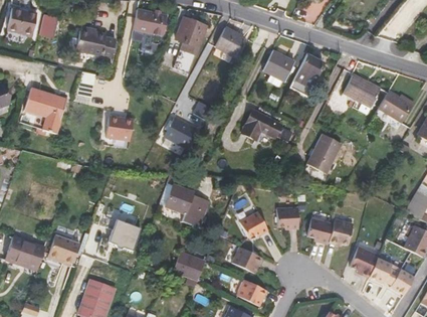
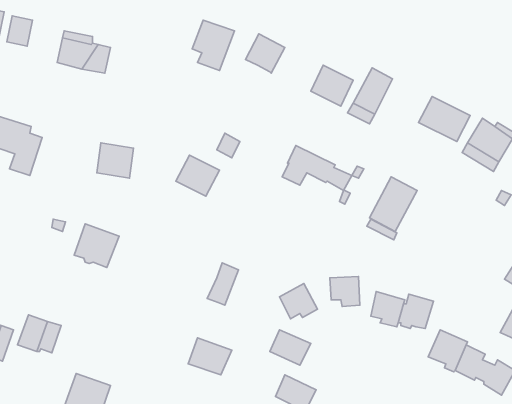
building: [134,8,167,48] -> none
building: [165,185,198,222] -> none
building: [109,218,142,251] -> [74,224,119,268]

